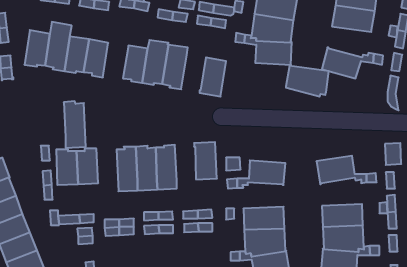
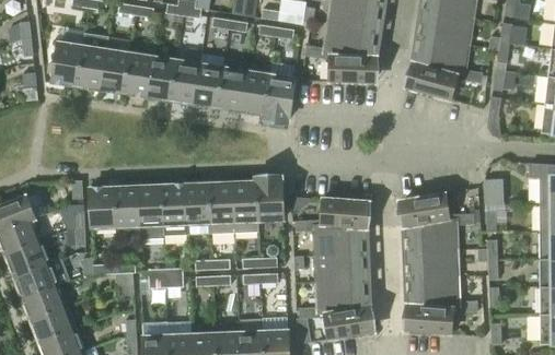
building: none -> [146,57,176,100]
building: none -> [240,71,269,115]
building: [286,66,329,97] -> [416,37,467,74]
building: [64,101,86,148] -> [138,182,164,238]
building: none -> [232,179,258,232]
building: none -> [407,218,456,252]
building: none -> [313,224,362,256]

